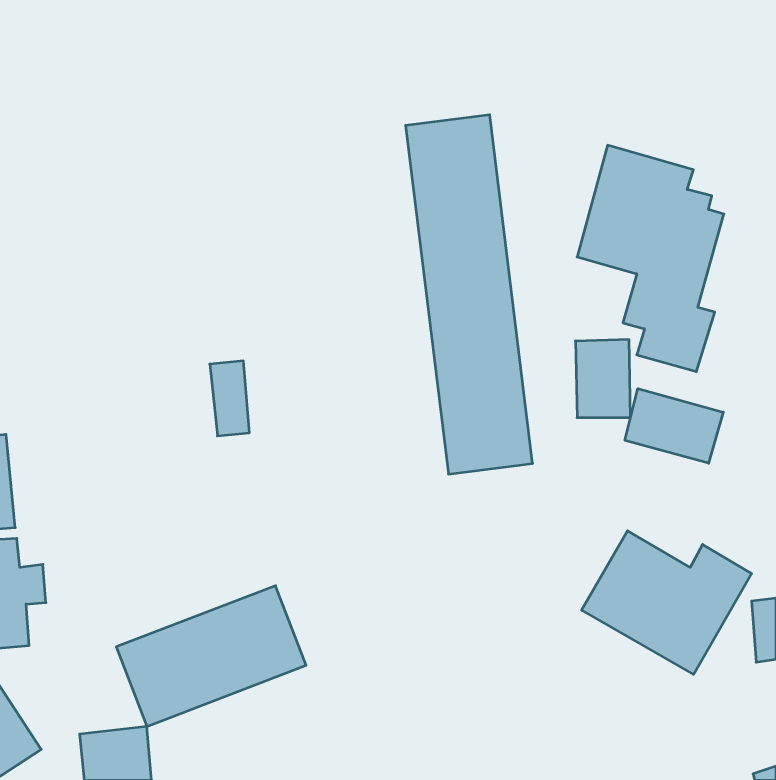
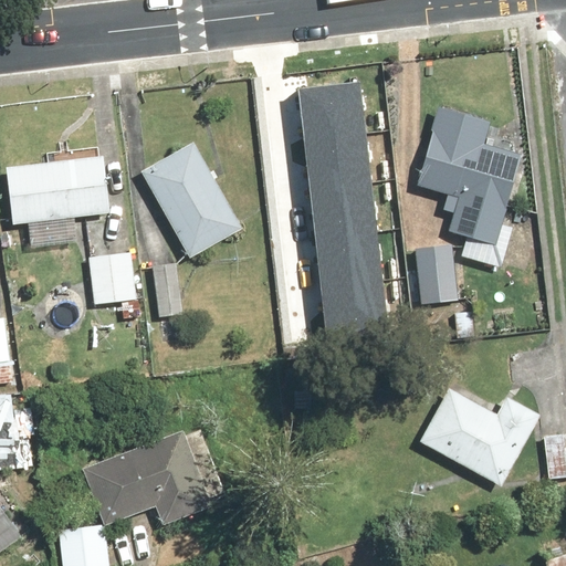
building: none -> [140,142,242,256]
building: none -> [10,153,109,245]
building: none -> [90,252,136,305]
building: [625,389,723,463] -> none

